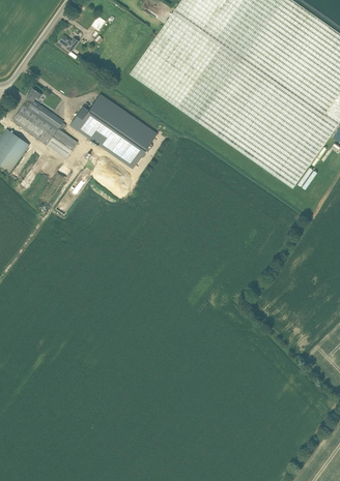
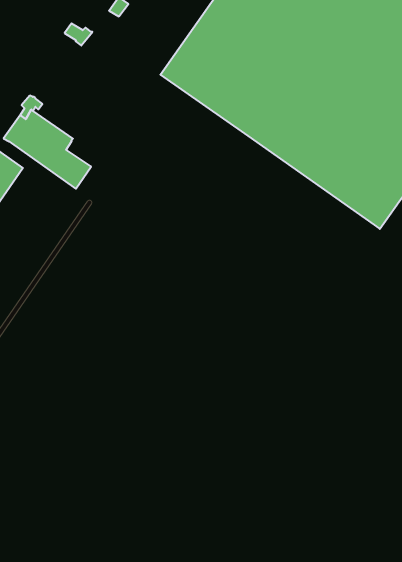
building: [70,93,157,167] -> none

